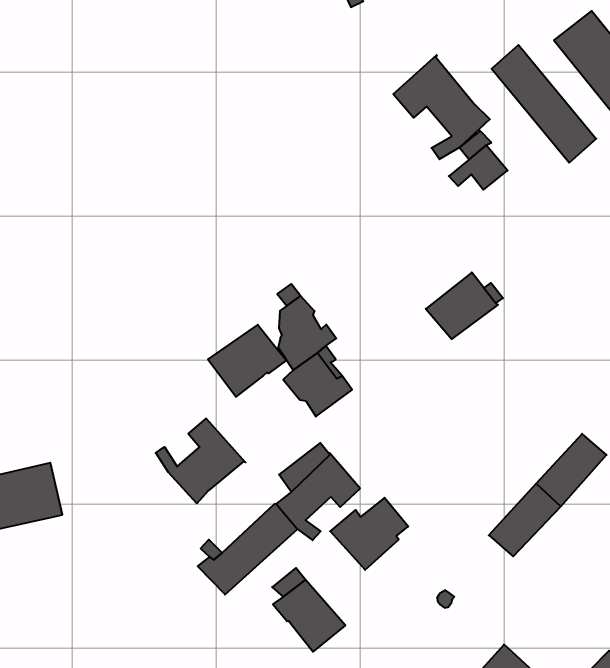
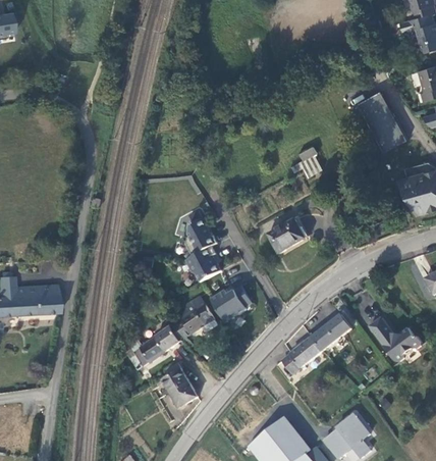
building: [492,45,596,163] -> none
building: [393,55,490,159] -> none
building: [208,325,287,397] -> none
building: [156,418,246,503] -> none
building: [330,498,408,570] -> [210,286,252,322]

